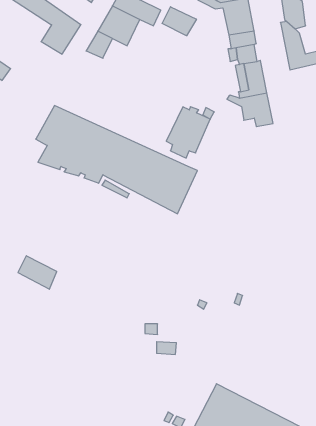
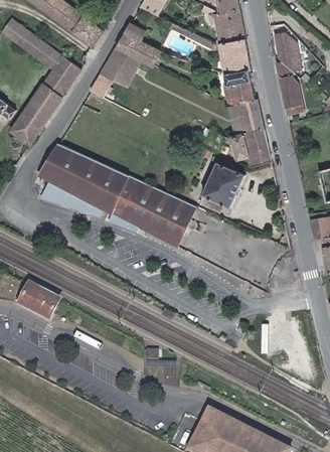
building: [162,7,196,36] -> none
building: none -> [13,82,65,144]
building: [166,107,210,158] -> [202,161,244,210]

